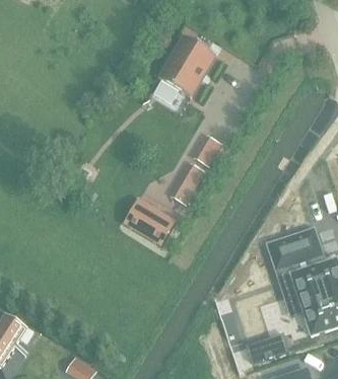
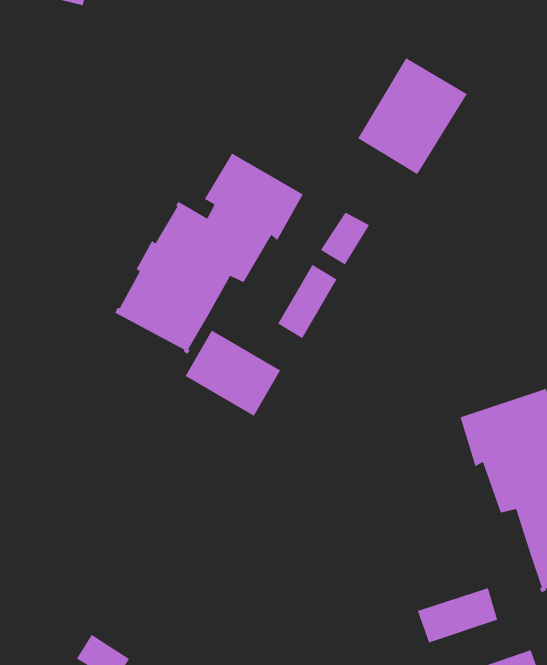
building: [157,34,215,96] -> [357,57,468,175]
building: none -> [114,152,304,355]

